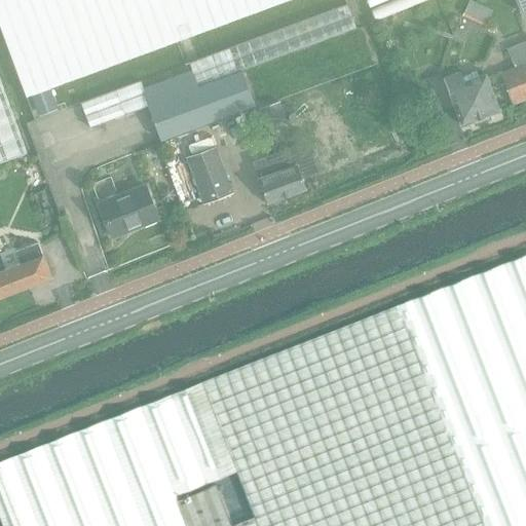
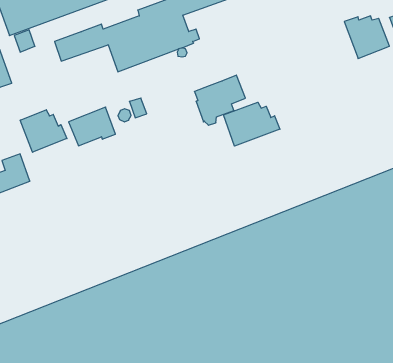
building: [190,148,232,202] -> none
building: none -> [224,102,280,146]
building: none -> [20,110,67,152]

